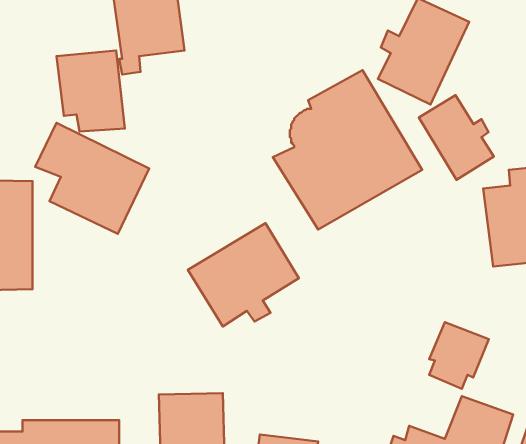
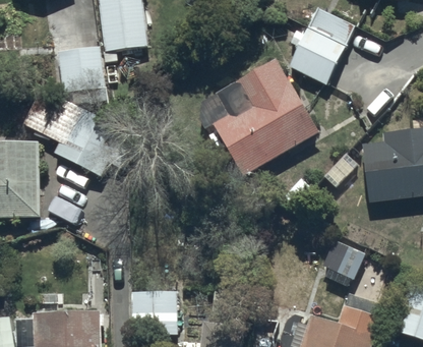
building: [419,95,494,180] -> none
building: [188,223,299,326] -> none

